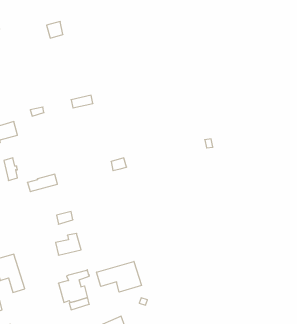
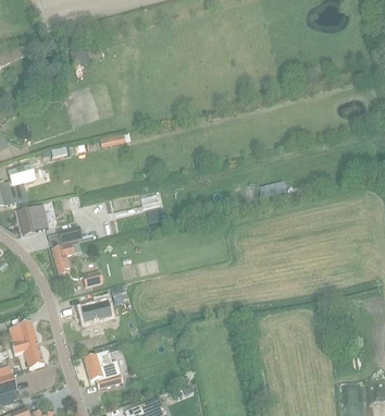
building: none -> [51,244,74,276]
building: [97,261,142,292] -> none

